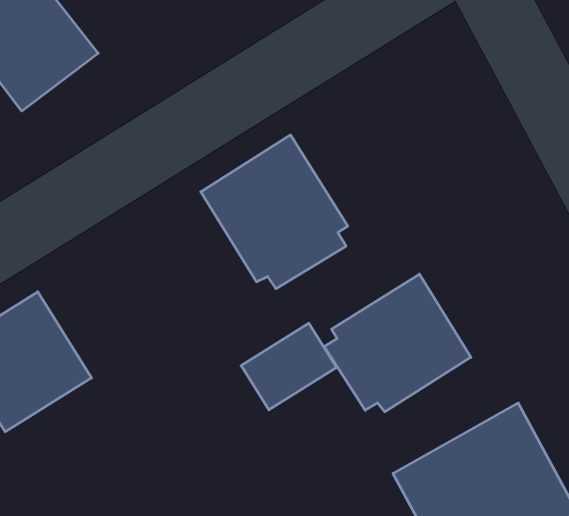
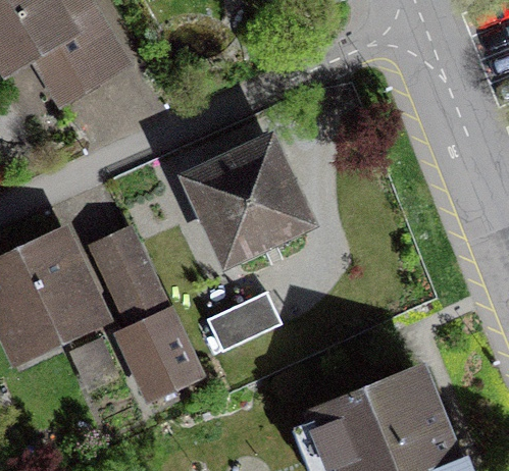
building: none -> [94,233,196,395]
building: [324,274,471,412] -> none

